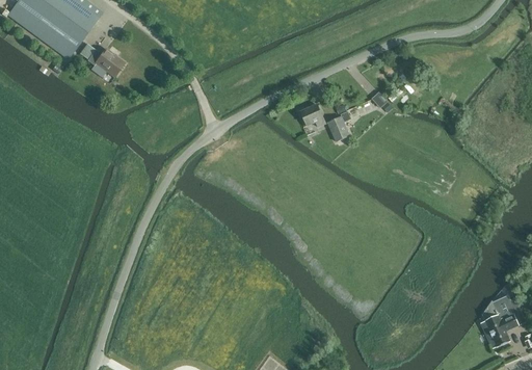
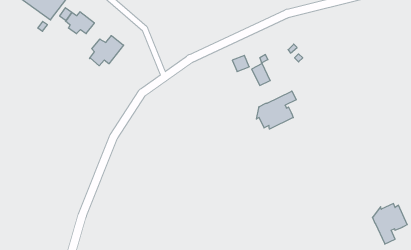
building: none -> [90,36,124,66]
building: none -> [256,91,296,129]

